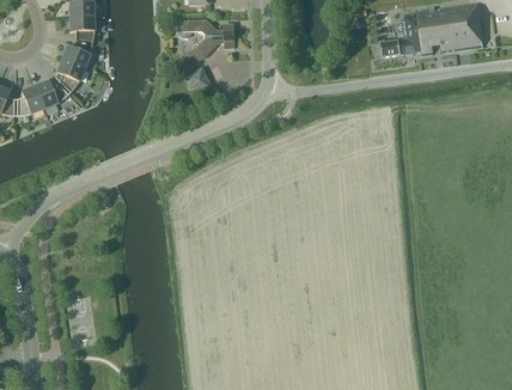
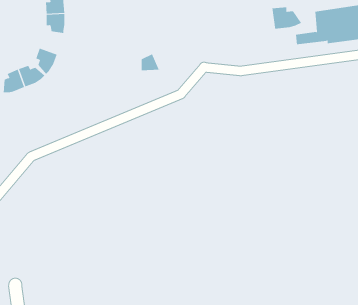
building: none -> [272,6,302,29]
building: [178,20,234,66] -> none
building: [61,42,91,68] -> none

